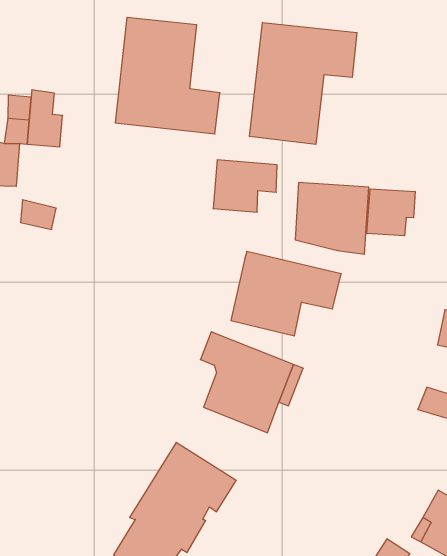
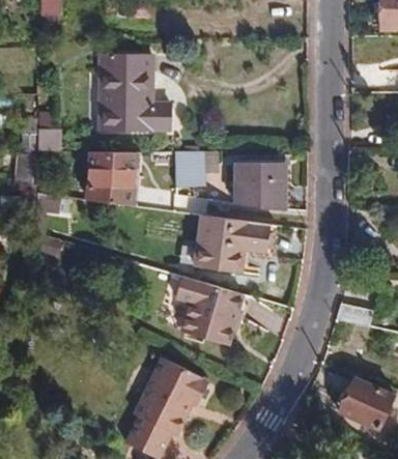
building: [250,22,357,144] -> none
building: none -> [86,151,138,205]
building: [367,189,415,236] -> none

